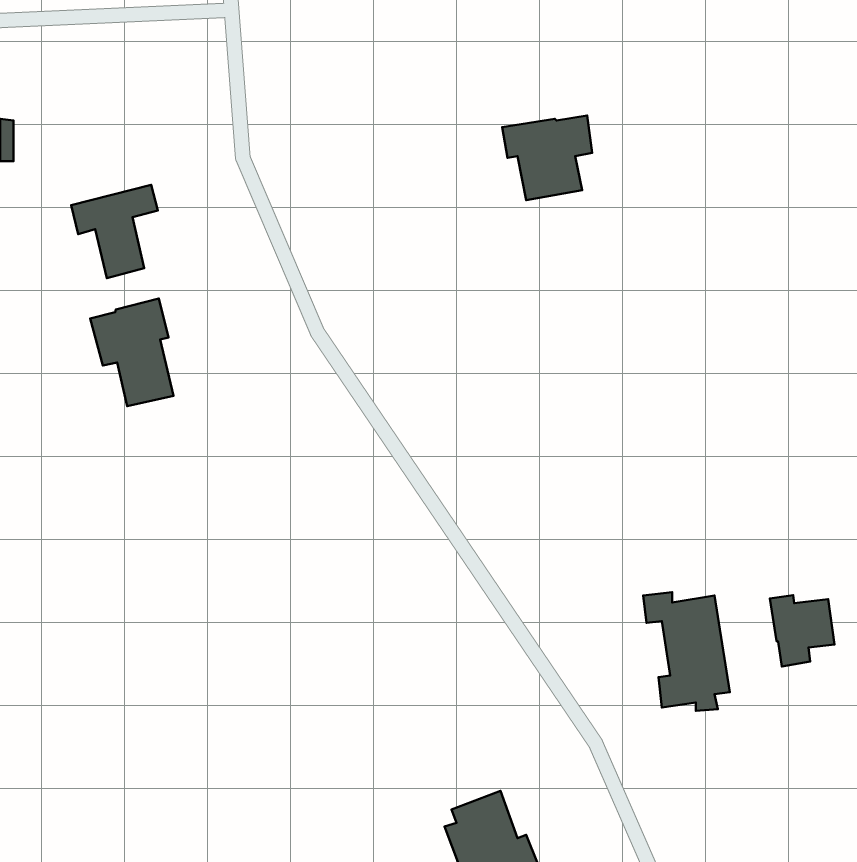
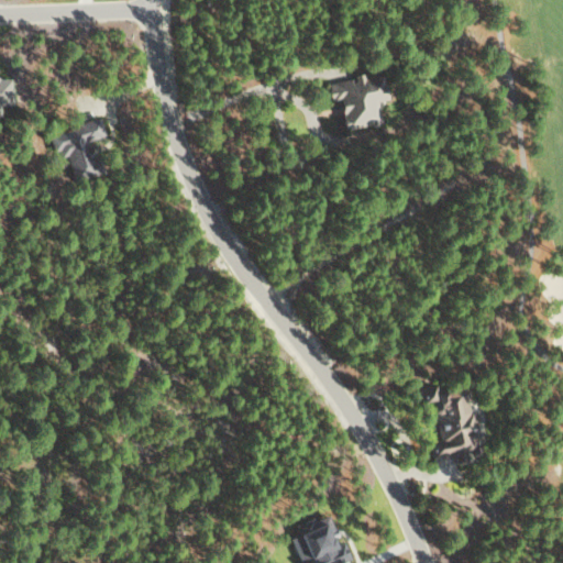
building: [90,299,173,406] -> none
building: [770,595,834,667] -> none

